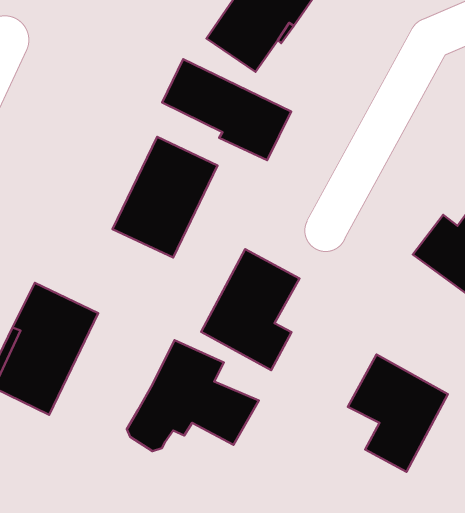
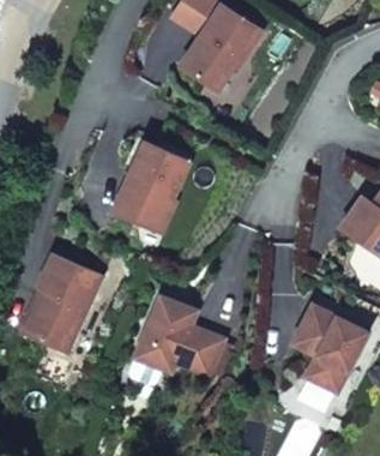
building: [162,59,291,160] -> none
building: [201,249,300,370] -> none

